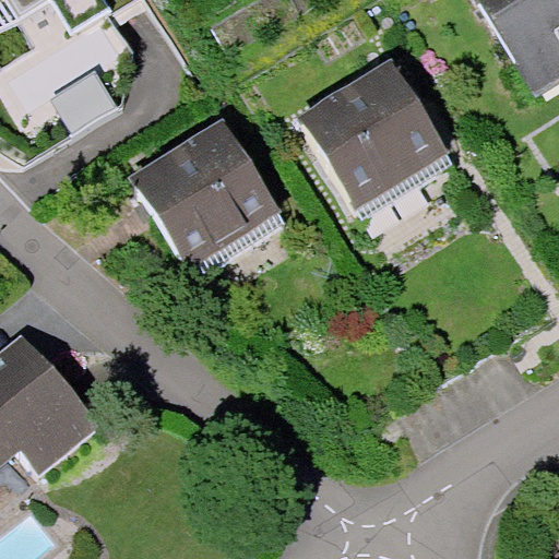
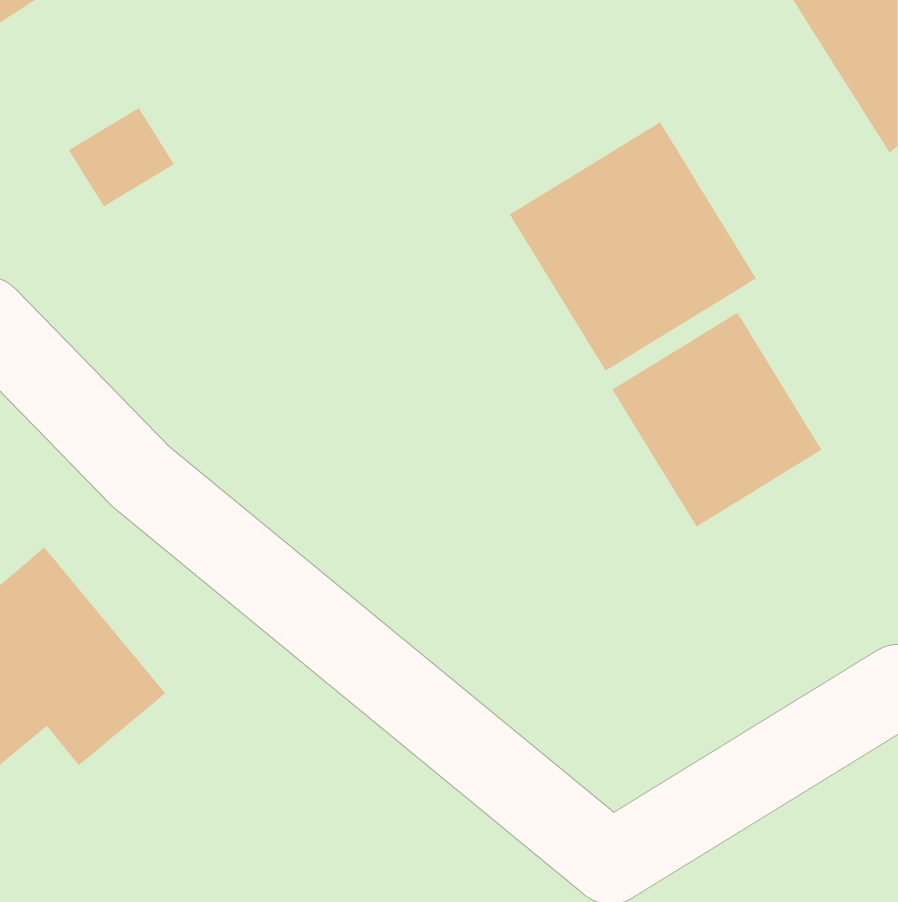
building: [122,112,272,263] -> none
building: none -> [611,312,822,528]

